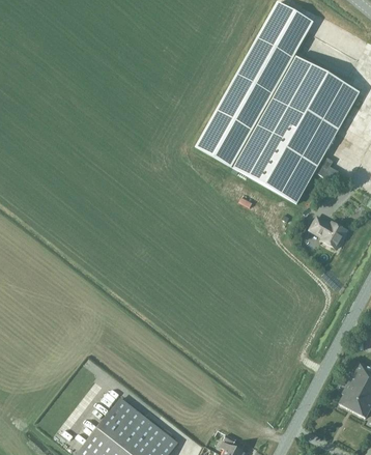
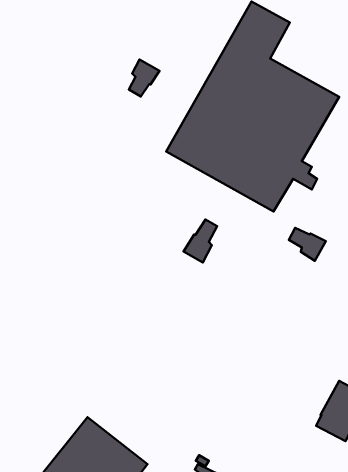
building: none -> [129,59,159,96]
building: none -> [184,220,217,262]

